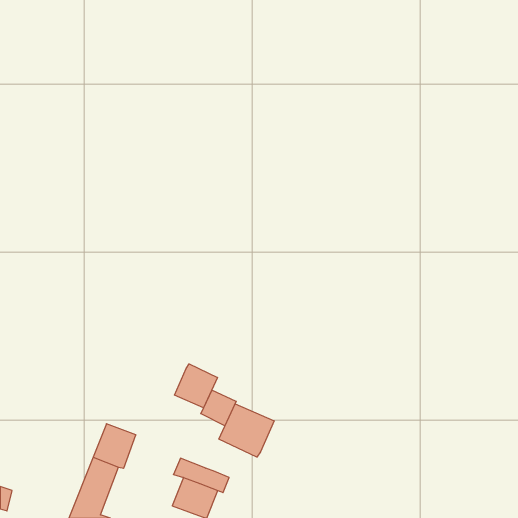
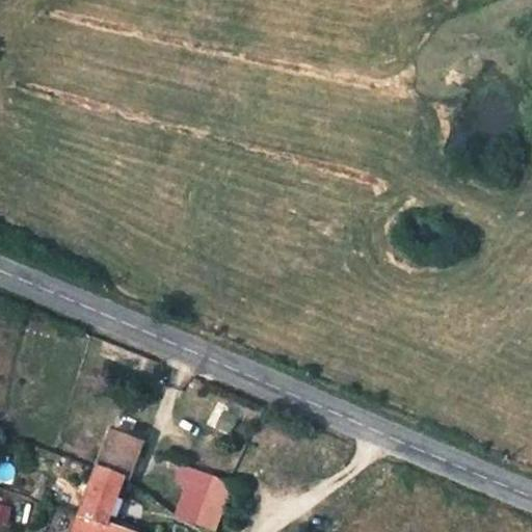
building: [174,364,217,408] -> none
building: [219,404,274,457] -> none

